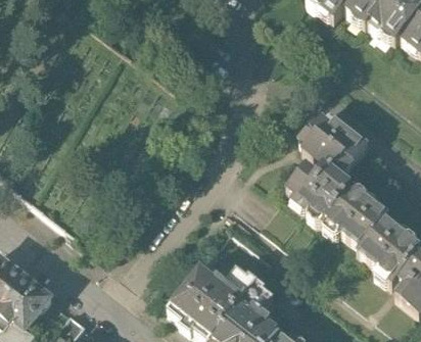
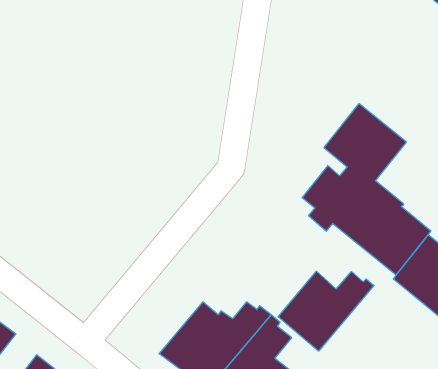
building: none -> [278,271,374,351]

